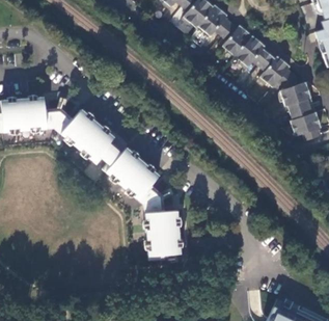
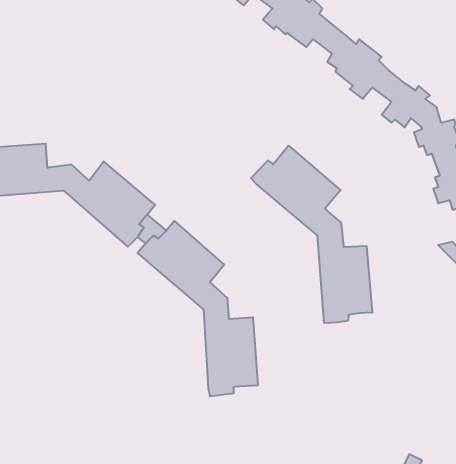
building: none -> [251,146,372,323]

